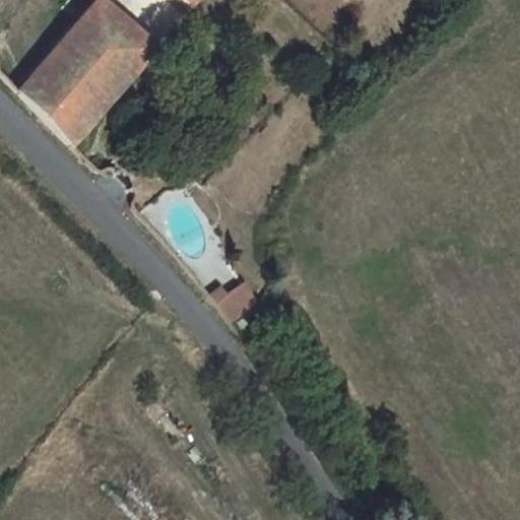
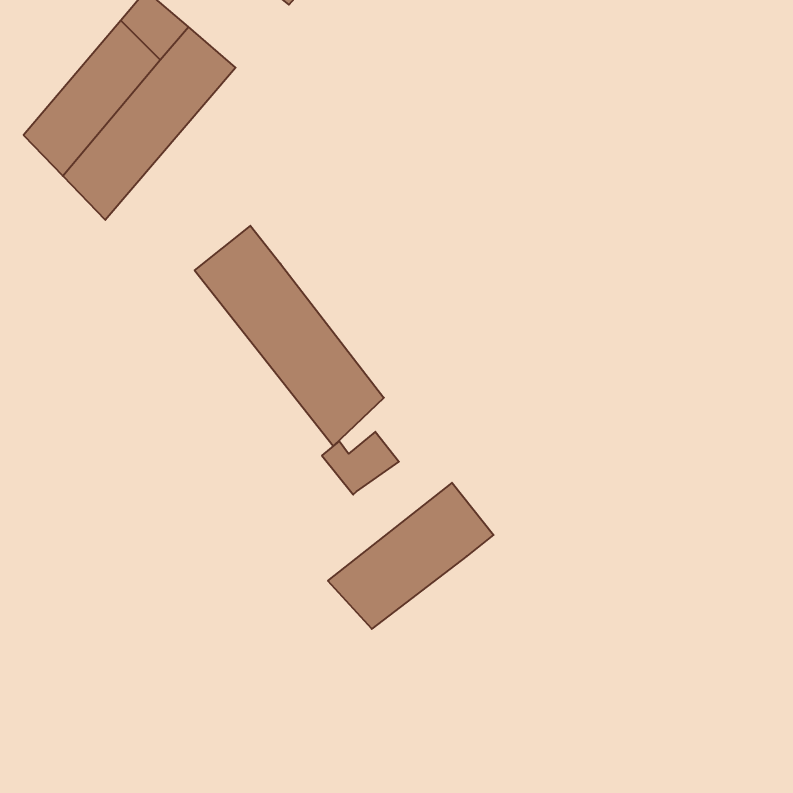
building: none -> [195,226,384,446]
building: none -> [328,483,494,629]

